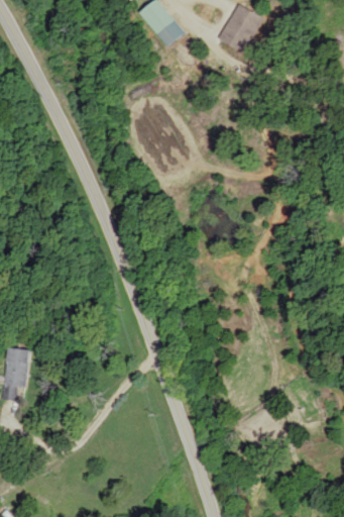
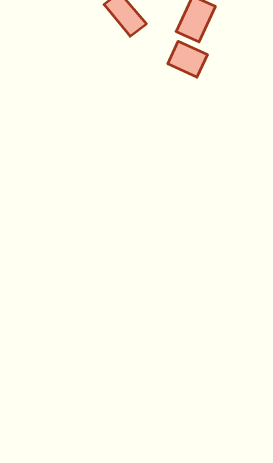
building: none -> [168,41,207,77]

